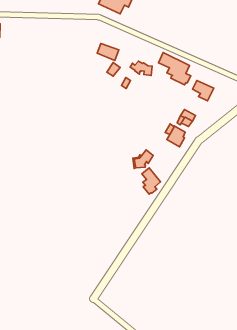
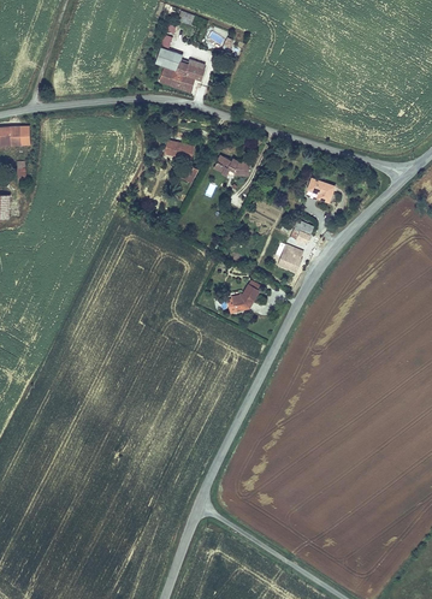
building: [159,53,191,85] -> none
building: [142,168,160,194] -> none

